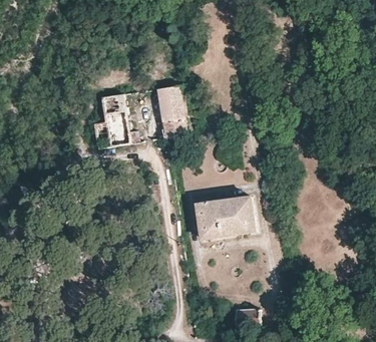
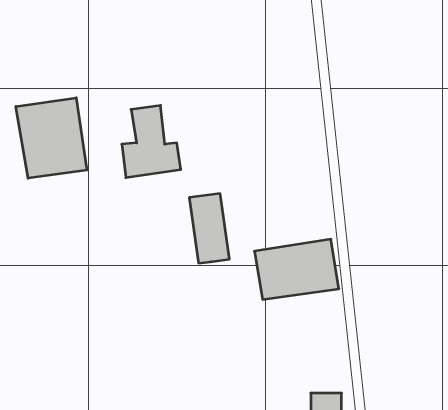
building: [156,85,186,137] -> [189,194,229,263]
building: none -> [16,98,87,178]

